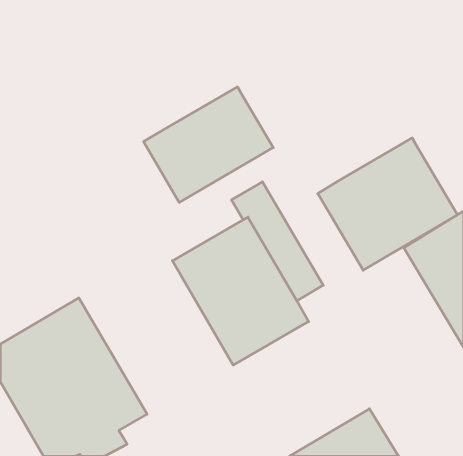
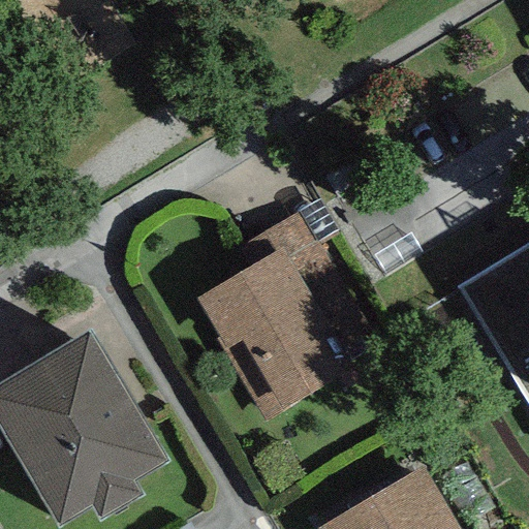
building: [144,87,273,202] -> none
building: [318,138,458,270] -> none

